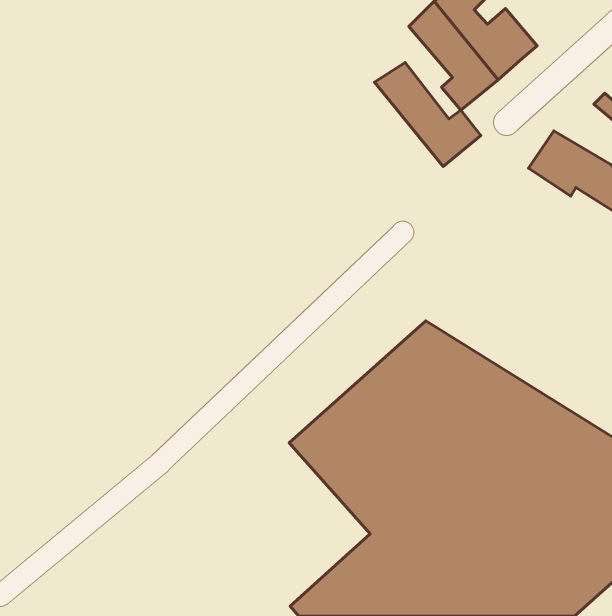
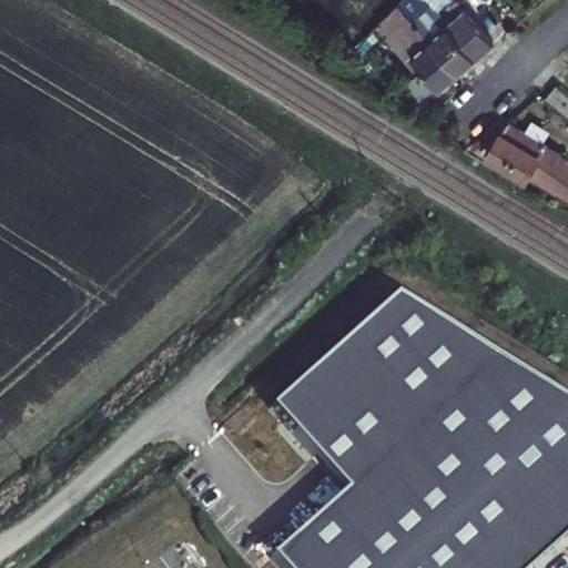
building: [375,62,481,166] -> none

